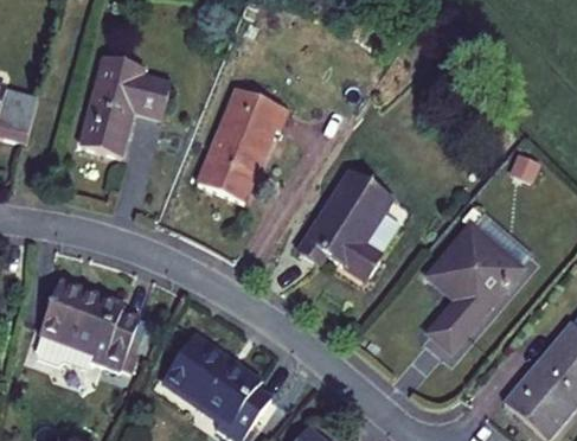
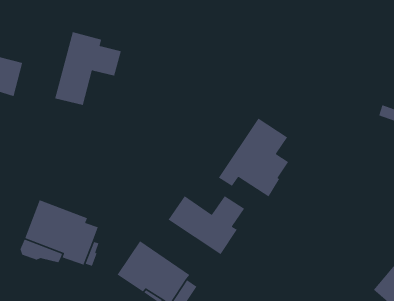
building: [198,85,288,199] -> none
building: [428,225,520,350] -> none
building: none -> [167,195,245,255]

